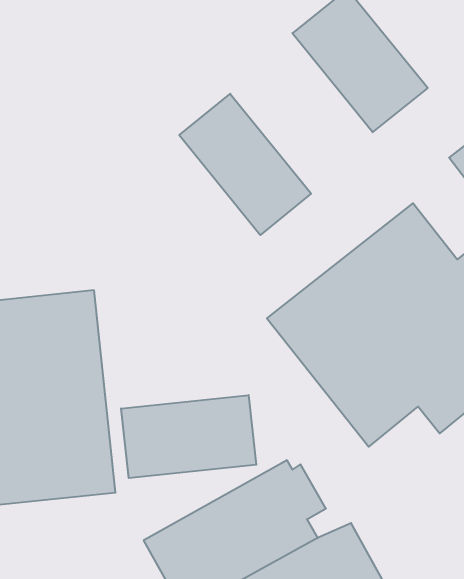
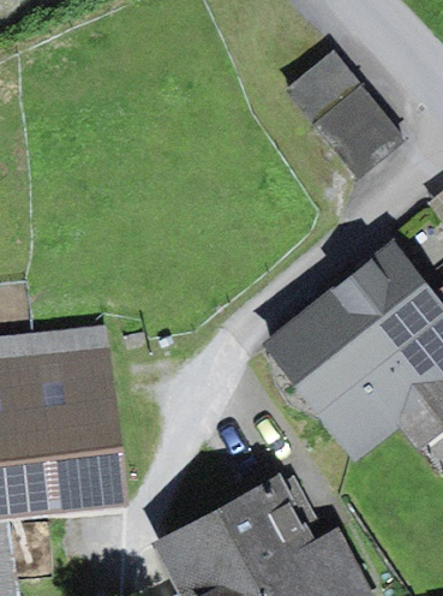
building: [179,94,311,235] -> none
building: [121,395,256,478] -> none

